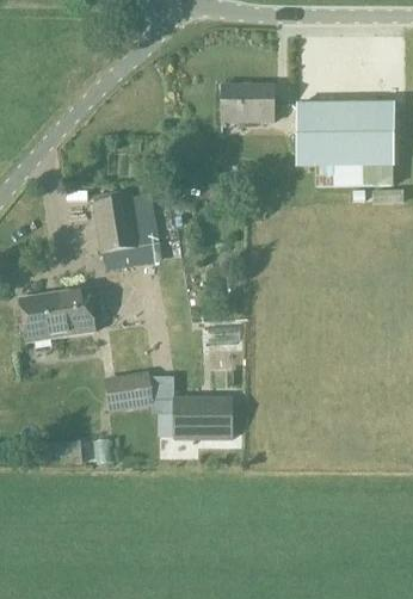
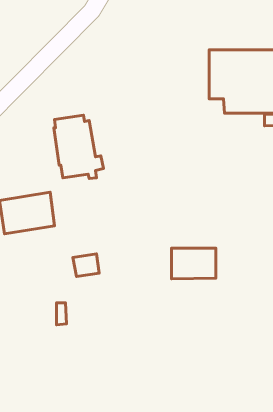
building: [222,85,273,121] -> none
building: [168,395,227,436] -> [171,248,216,279]

